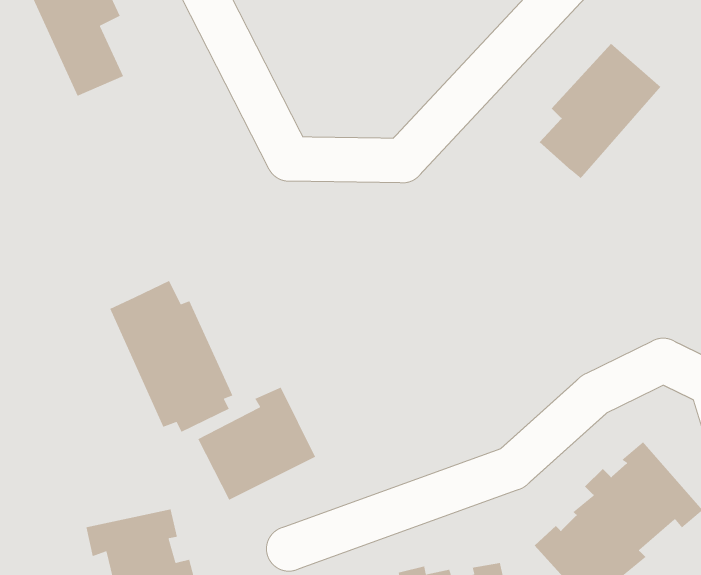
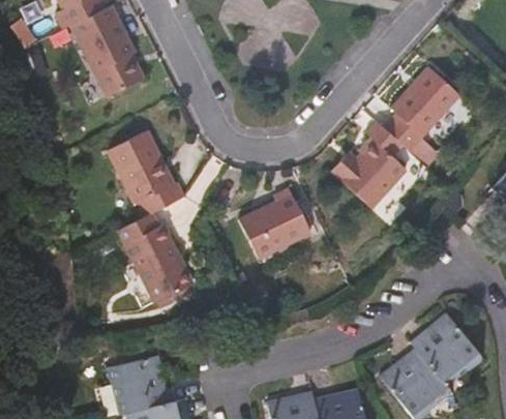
building: none -> [333,123,407,210]
building: none -> [106,136,178,225]
building: [197,387,316,501] -> [238,191,311,262]

